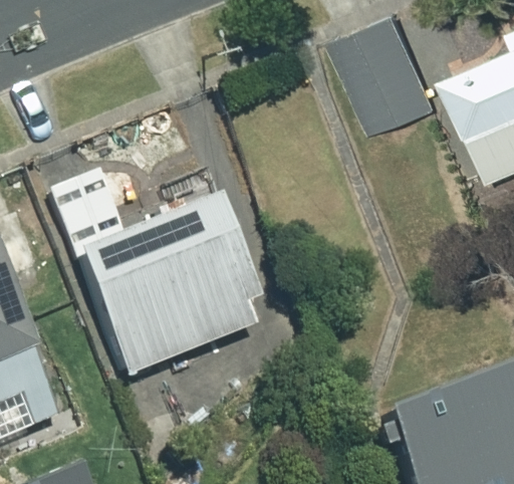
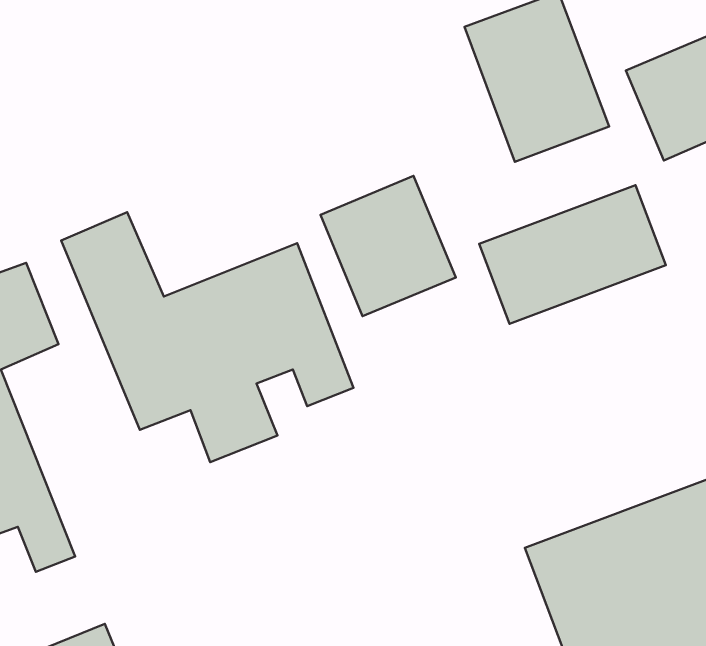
building: none -> [320,176,456,316]
building: none -> [479,185,666,324]

